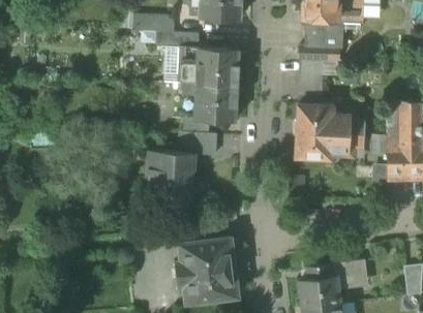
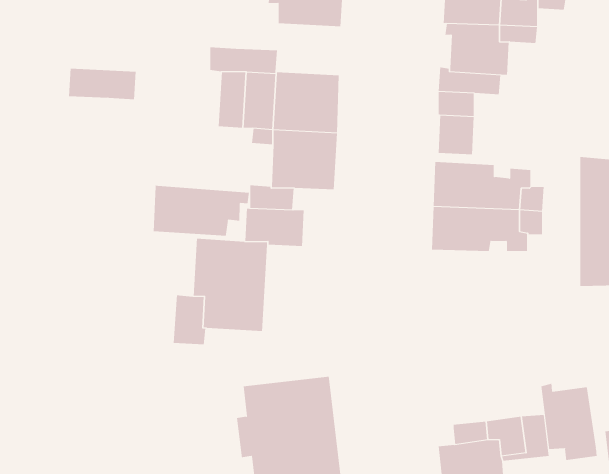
building: [132,13,175,33] -> [68,68,136,100]
building: none -> [153,185,250,237]
building: none -> [541,383,597,461]

